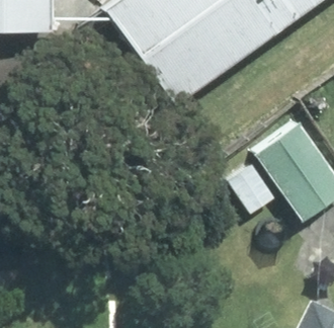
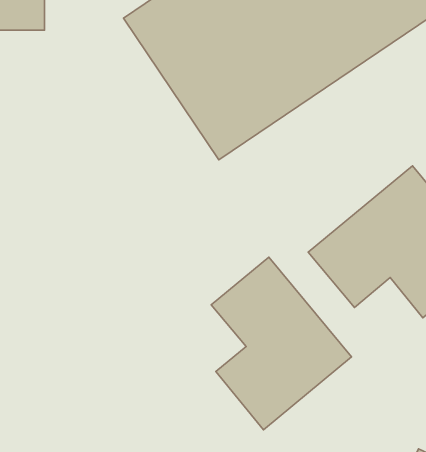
building: none -> [211,257,351,430]

